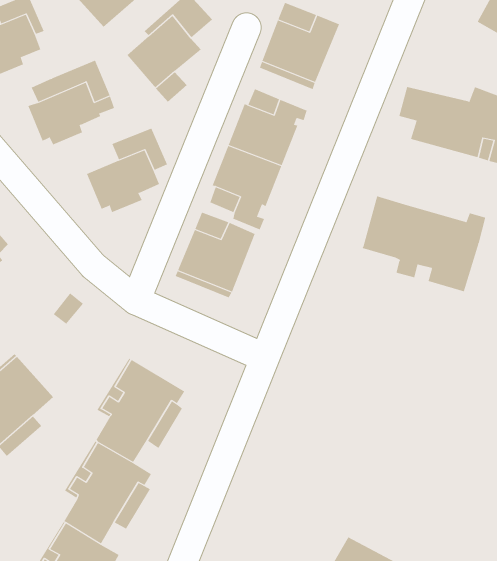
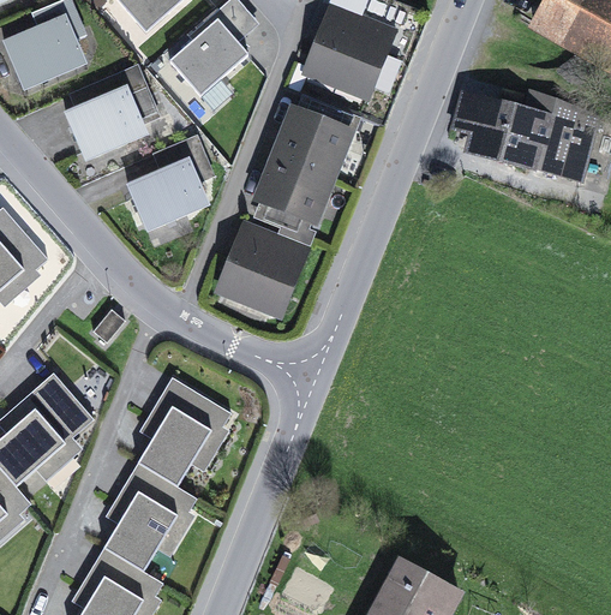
building: [362,195,486,292] -> none

